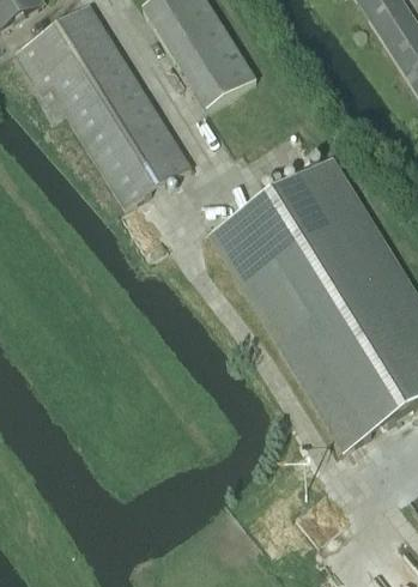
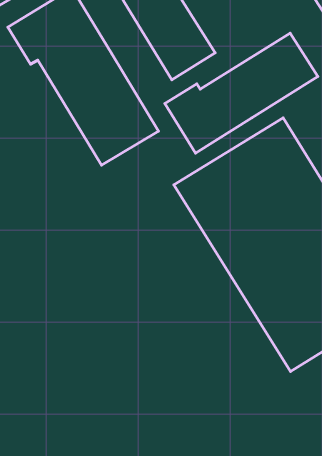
building: none -> [165,33,318,153]

